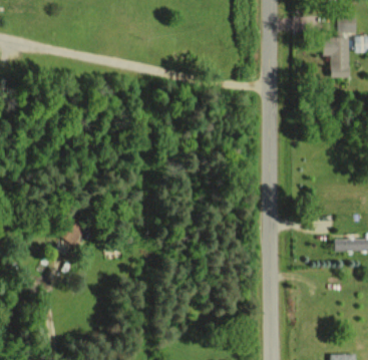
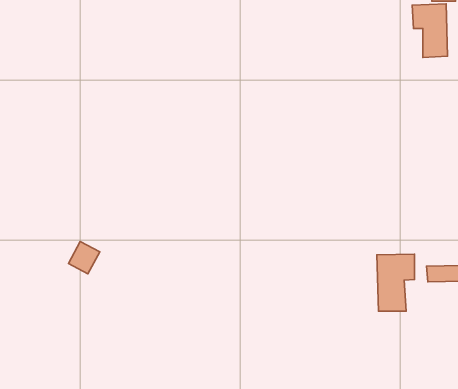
building: none -> [377,254,414,311]

